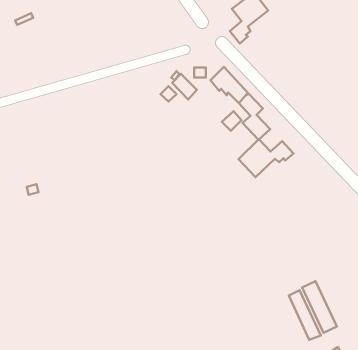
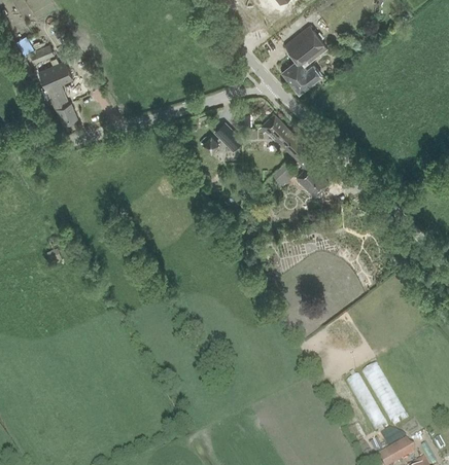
building: none -> [36,61,78,126]
building: none -> [292,66,322,96]
building: [238,139,294,177] -> none

